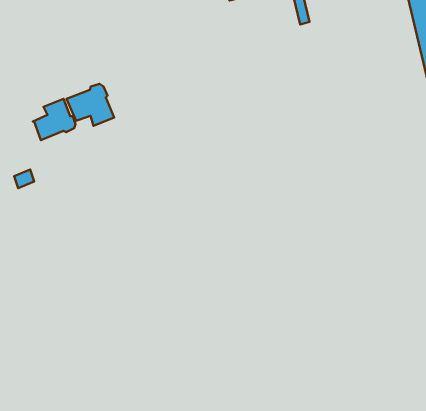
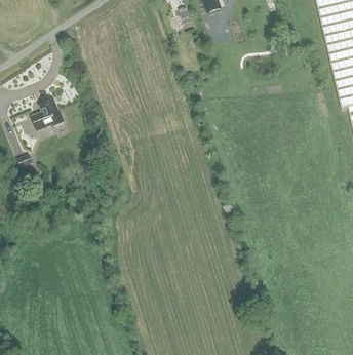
building: [66,84,114,126] -> none

